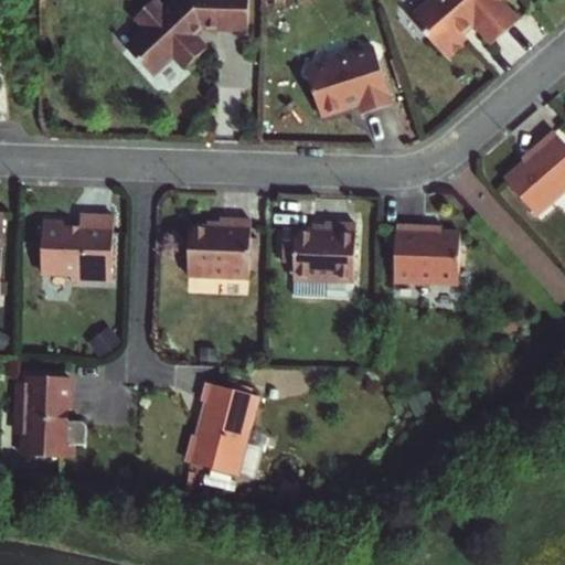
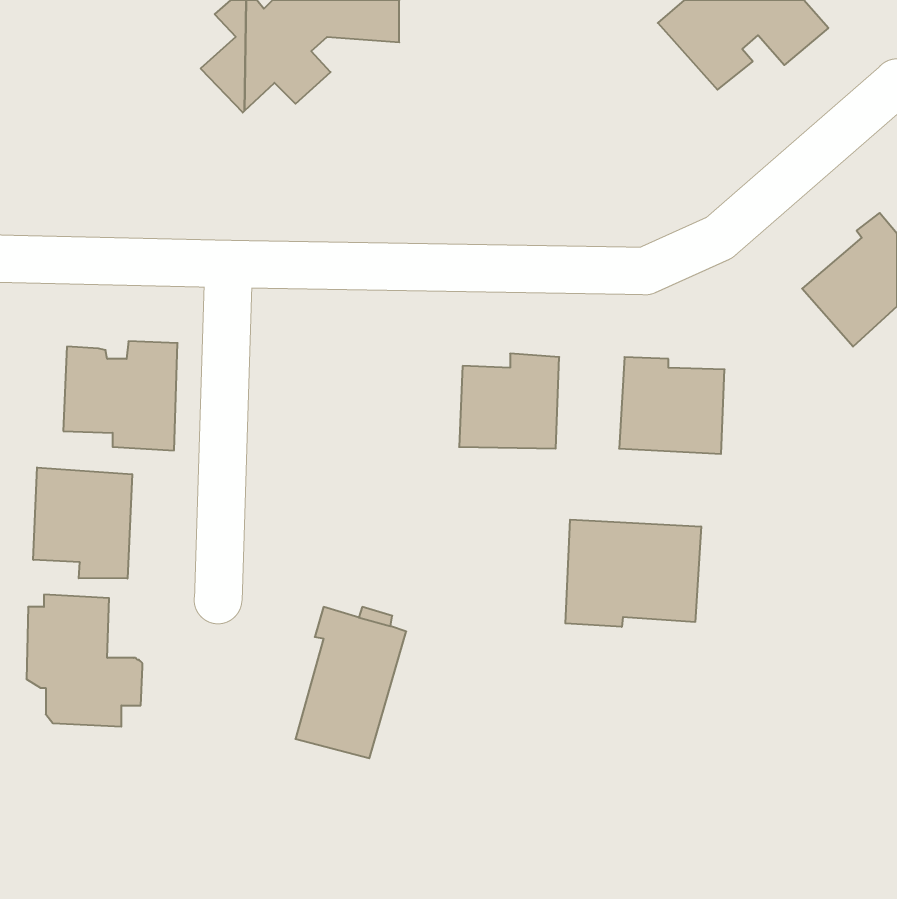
building: [309,44,395,111] -> none
building: [186,217,249,278] -> none
building: none -> [33,467,132,579]
building: none -> [565,520,701,627]

